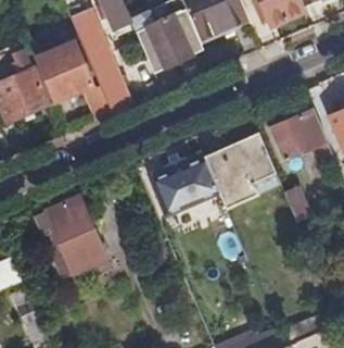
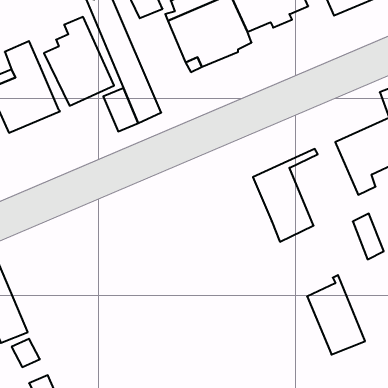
building: [234,133,281,197] -> [307,275,365,355]
building: [150,152,220,216] -> none
building: [40,197,113,287] -> none

